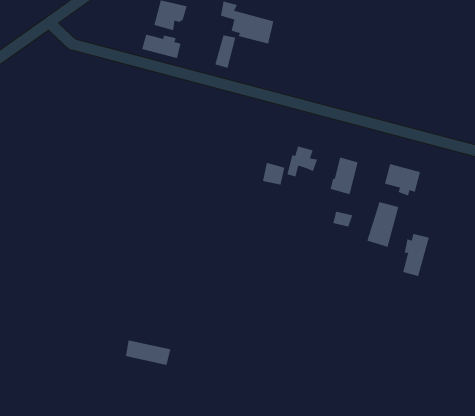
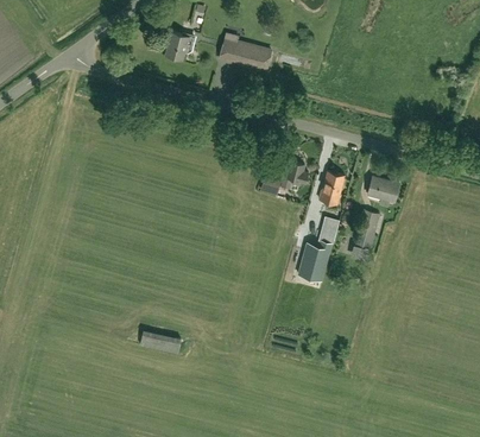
building: [142,34,181,59] -> none
building: [403,233,429,277] -> none
building: none -> [297,242,330,283]

